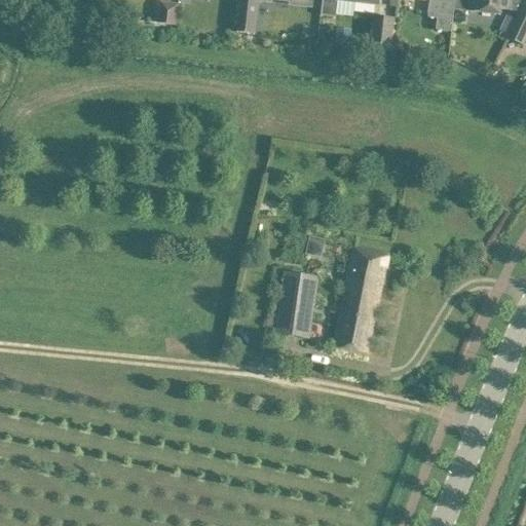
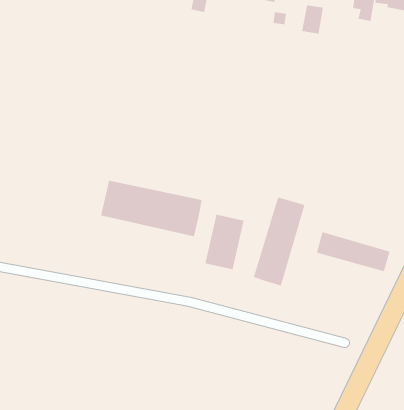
building: none -> [100,180,202,237]
building: none -> [316,231,391,272]

